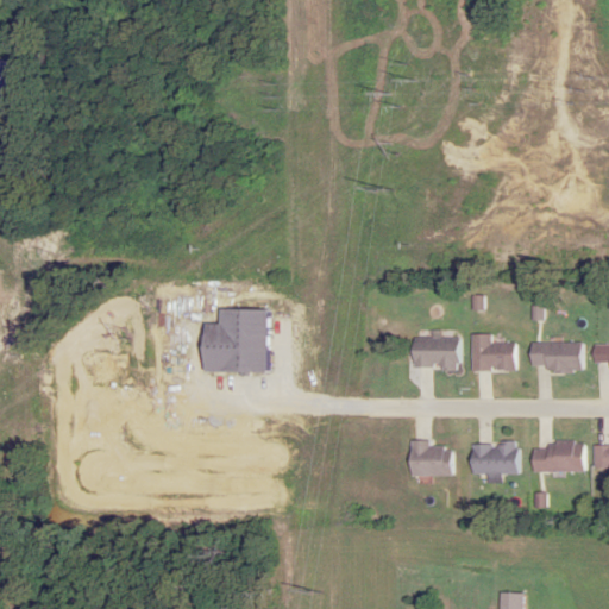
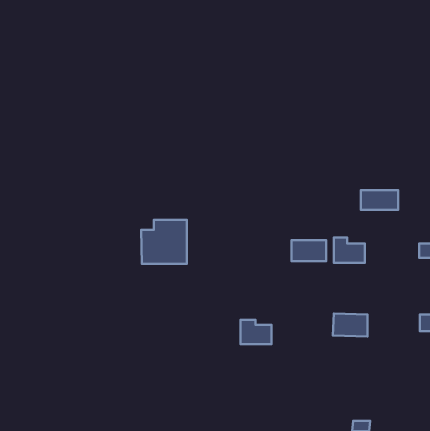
building: [530,343,583,370] -> [361,190,398,210]
building: [409,439,453,473] -> [240,320,272,344]
building: [532,442,584,470] -> none

